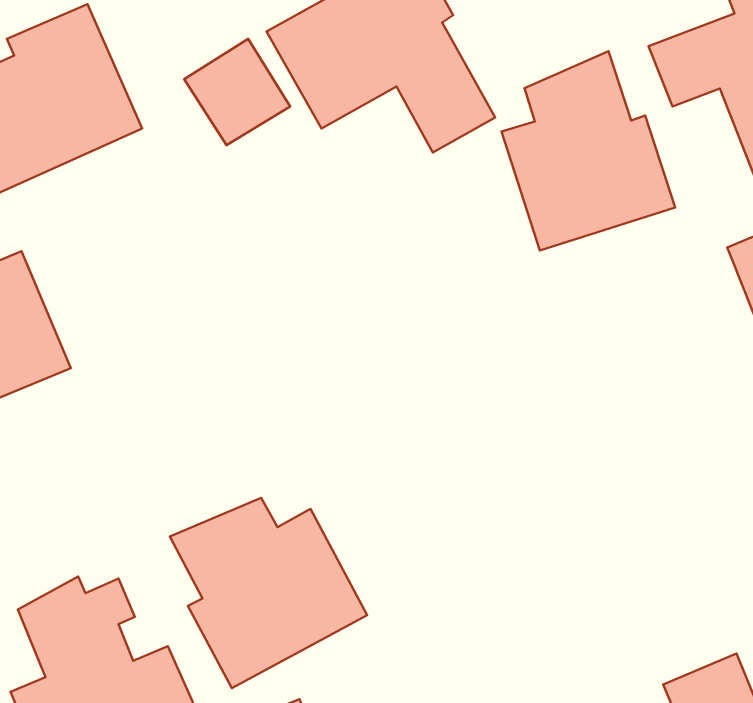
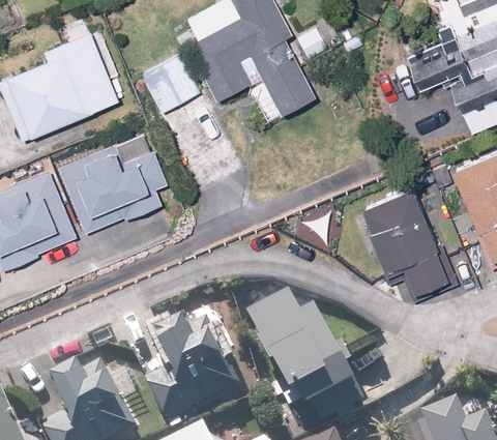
building: [501,51,675,251] -> none
building: none -> [58,143,168,235]
building: none -> [358,185,447,294]
building: none -> [246,291,352,415]

